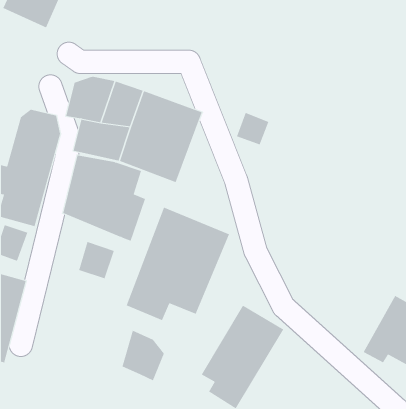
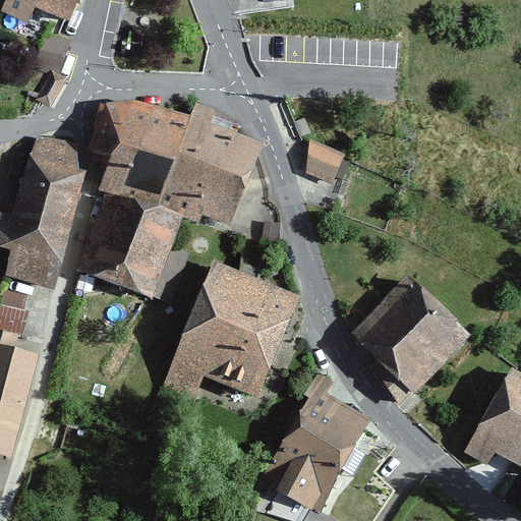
building: none -> [355,278,469,392]
building: [78,241,115,279] -> none
building: [122,330,164,381] -> none

